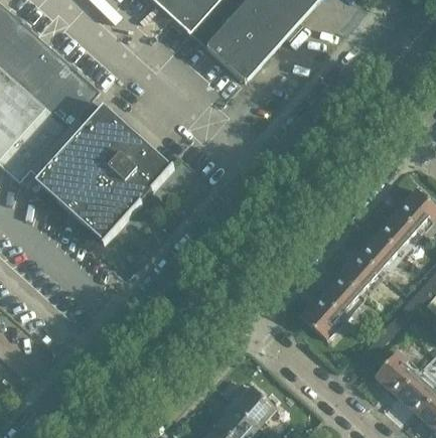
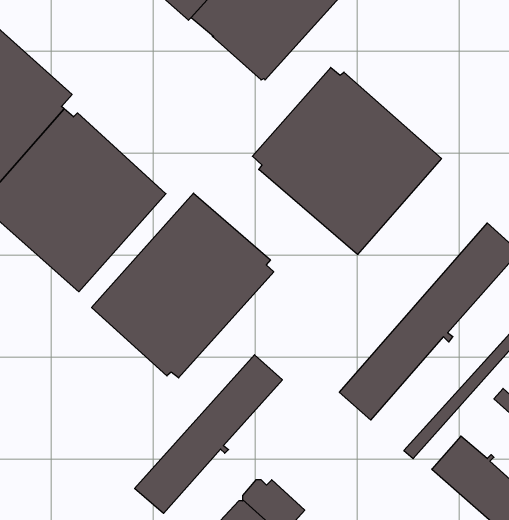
building: none -> [252,67,441,254]
building: none -> [92,193,274,378]
building: none -> [135,355,282,513]

